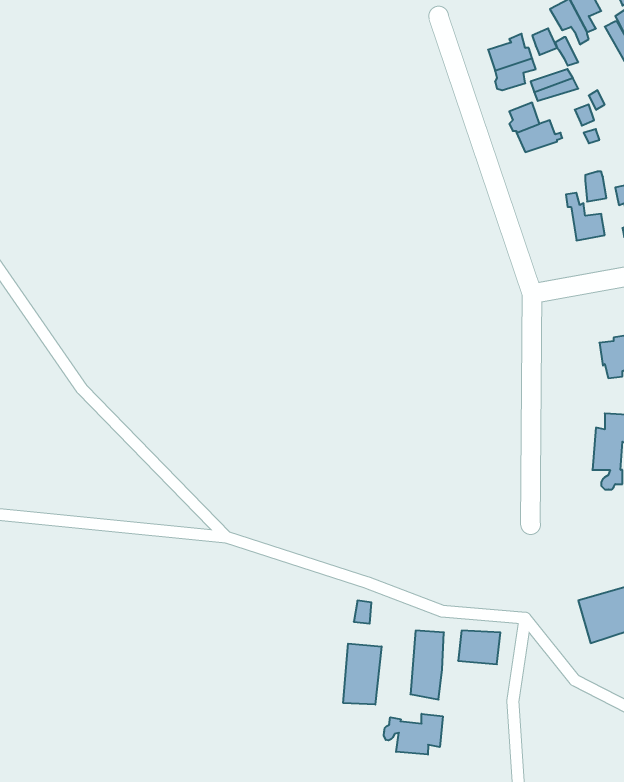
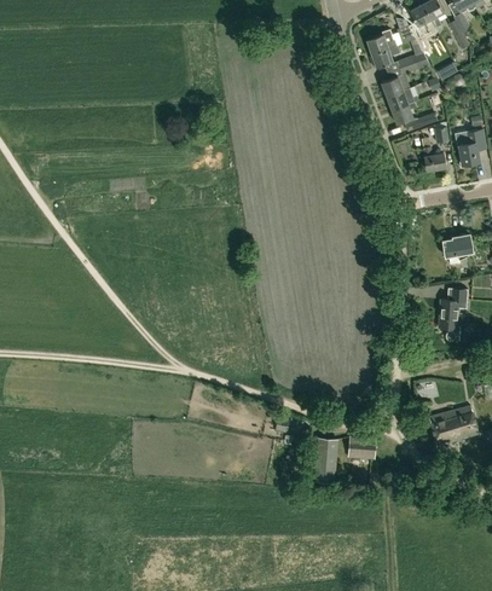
building: none -> [393,103,438,132]
building: [343,644,382,705] -> none
building: [384,714,443,755] -> none

